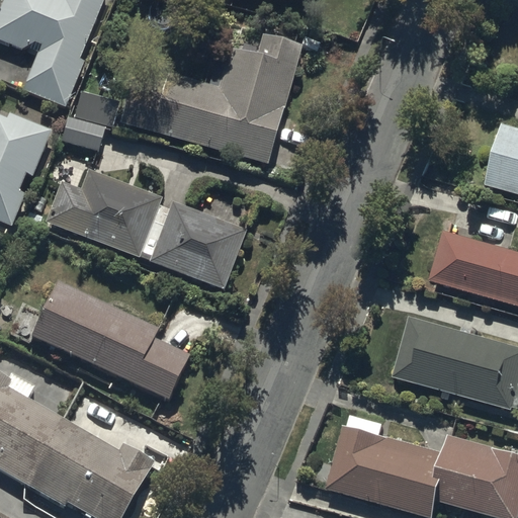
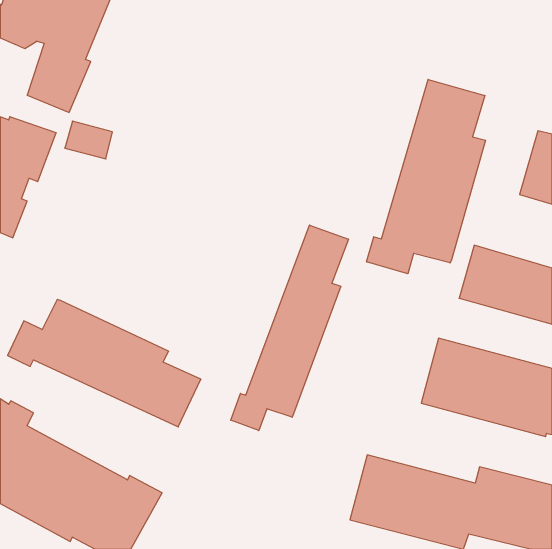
building: [119,34,294,165] -> none
building: none -> [367,79,486,274]
building: [44,171,245,290] -> none
building: none -> [231,225,348,431]

